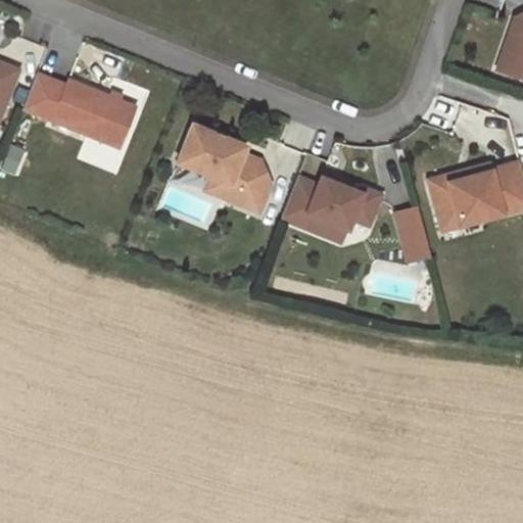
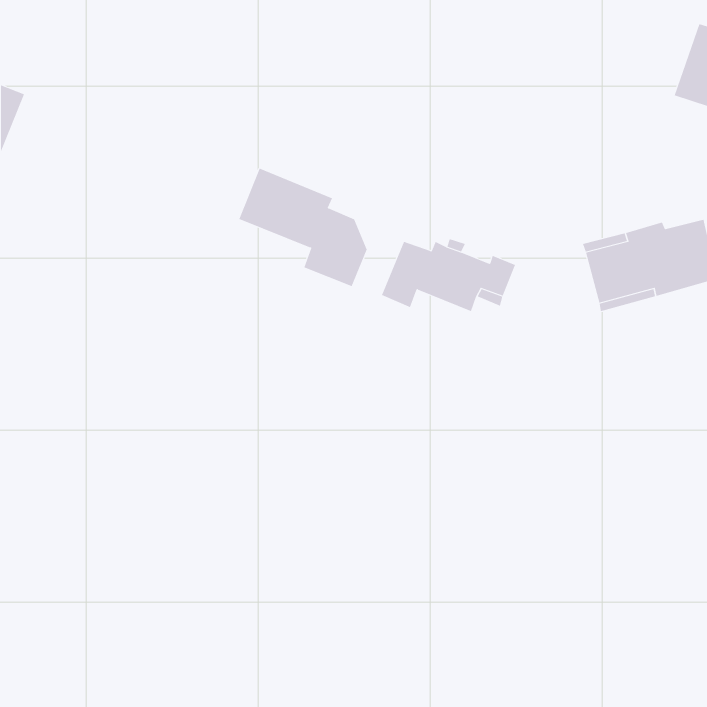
building: [23,75,136,148] -> none
building: [389,205,429,264] -> none

